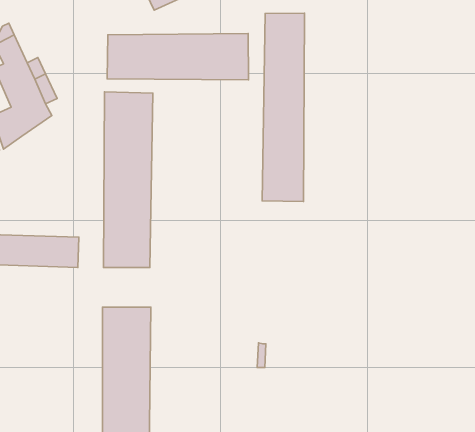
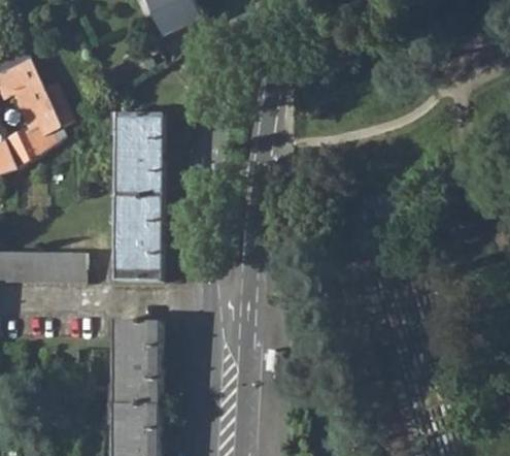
building: [262,13,305,202] -> none
building: [107,34,248,80] -> none

